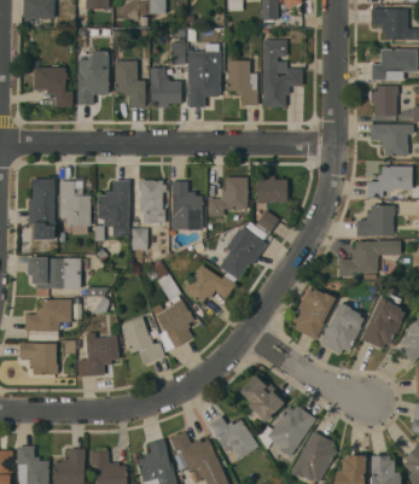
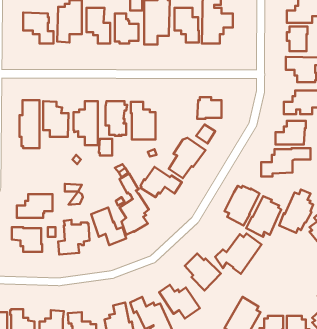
building: [208,176,248,216] -> none
building: [28,257,87,288] -> none
building: [257,404,316,456] -> [215,233,262,274]

